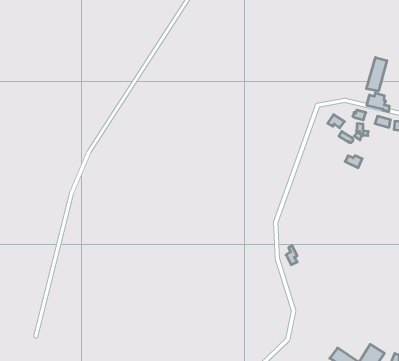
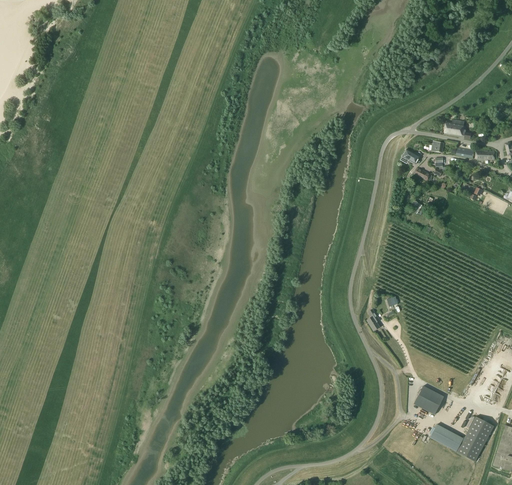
building: [366,57,387,91] -> none
building: none -> [413,384,444,413]

